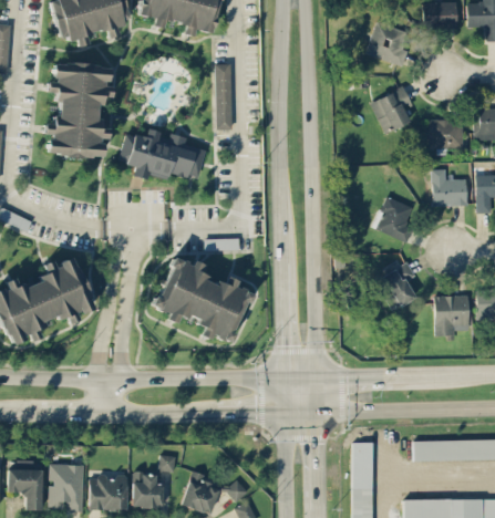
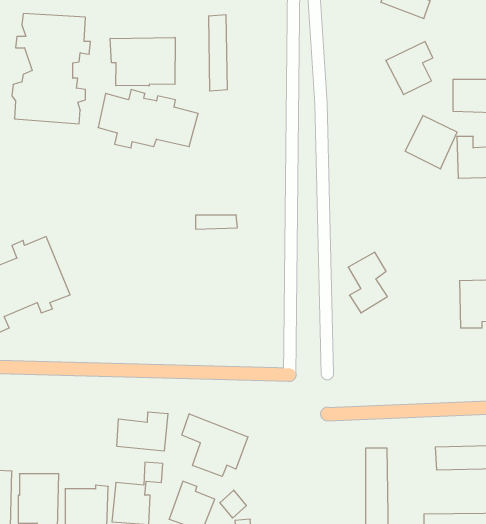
building: none -> [110,37,175,86]
building: [372,195,417,241] -> [405,116,457,169]
building: [154,257,249,342] -> none
building: [382,258,416,311] -> [348,252,387,313]
building: none -> [117,412,168,451]
building: none -> [182,414,248,476]

